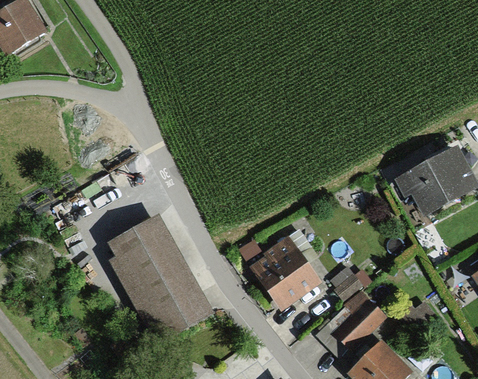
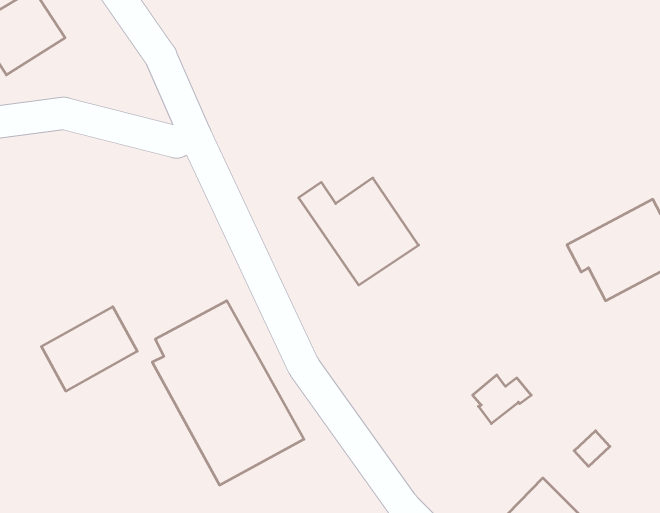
building: none -> [41,307,137,391]
building: [238,235,322,310] -> [299,178,419,285]
building: [316,290,387,358] -> none

